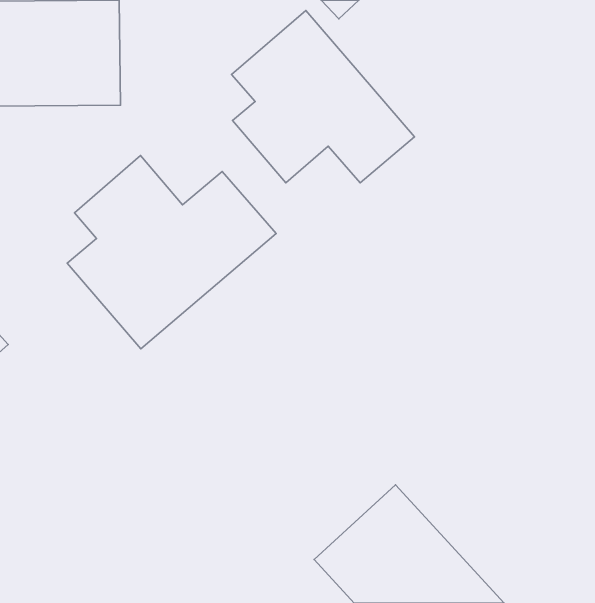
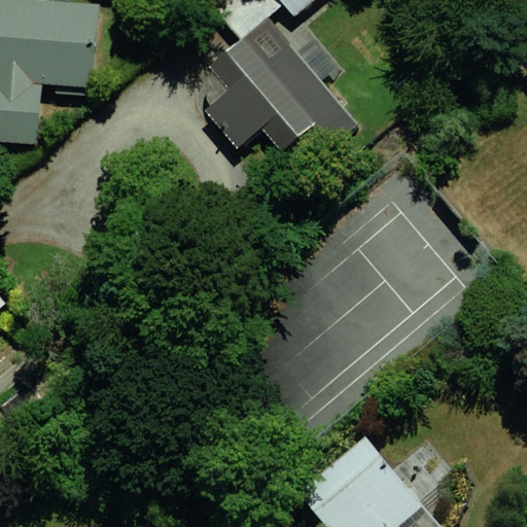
building: [67,156,276,349] -> none

